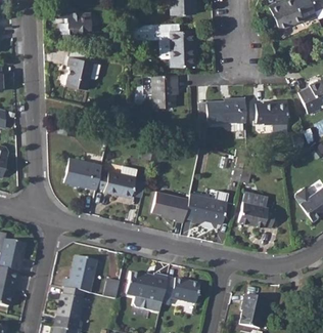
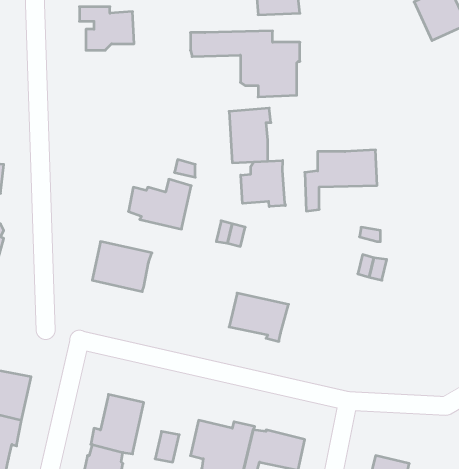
building: [65,55,101,88] -> none
building: [256,100,287,124] -> none
building: none -> [241,160,285,207]
building: [97,166,137,198] -> [128,179,191,229]
building: [239,190,276,227] -> none
building: [184,193,227,223] -> none

